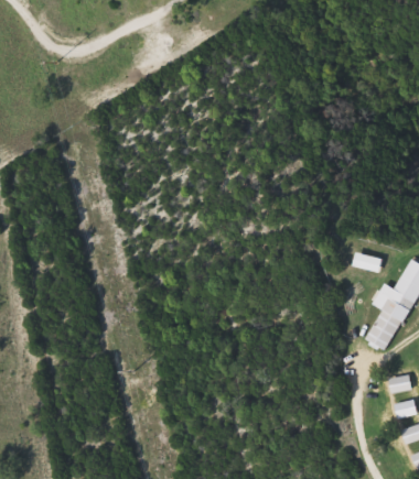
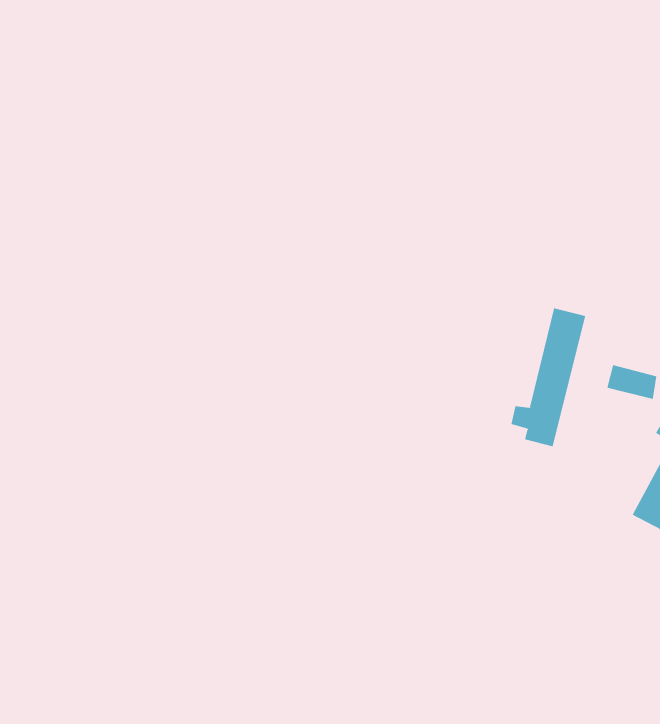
building: none -> [511,307,586,447]

